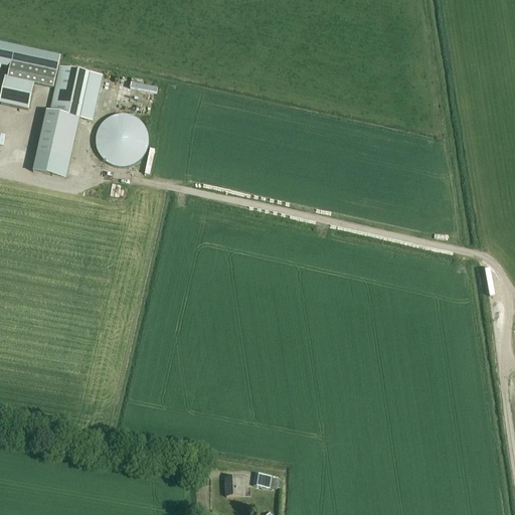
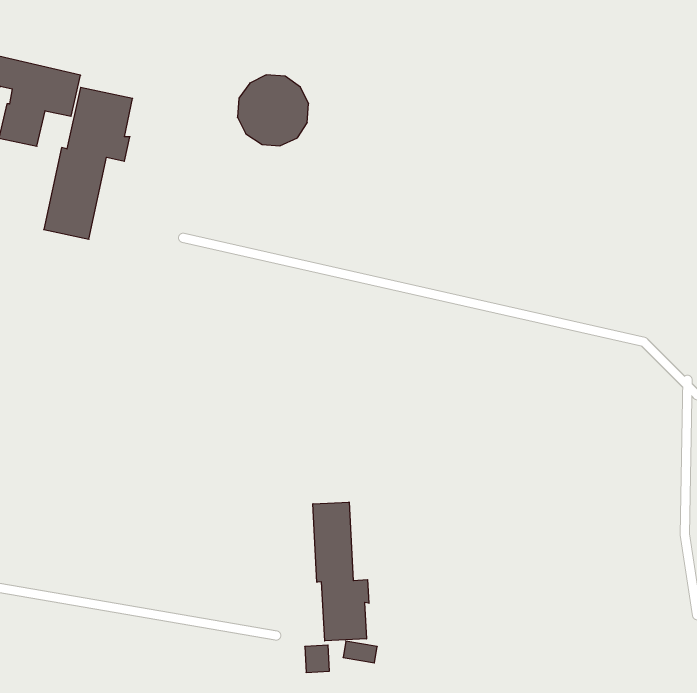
building: [95,114,147,166] -> [237,75,309,146]
building: none -> [313,502,369,641]

